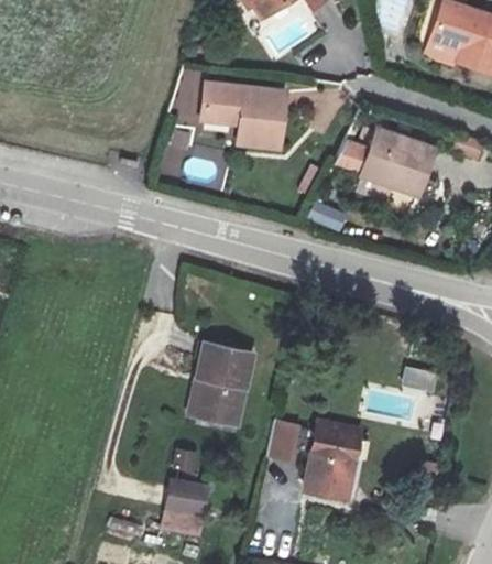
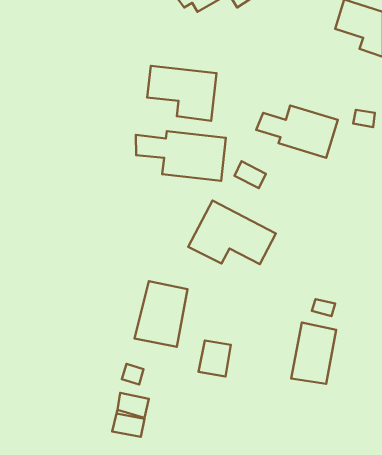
building: none -> [136,131,226,181]
building: none -> [188,200,276,264]
building: [305,423,360,498] -> [291,323,336,384]

